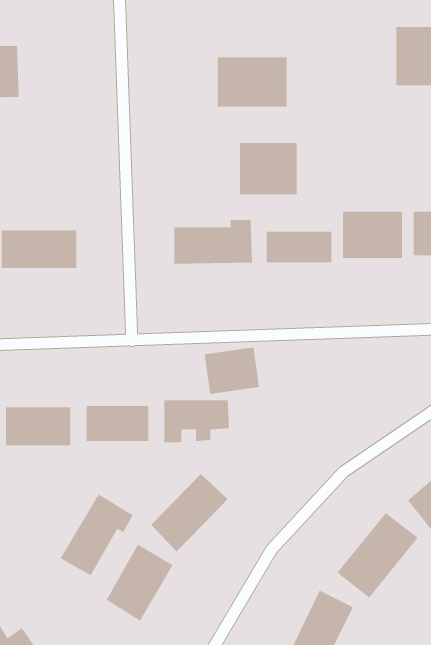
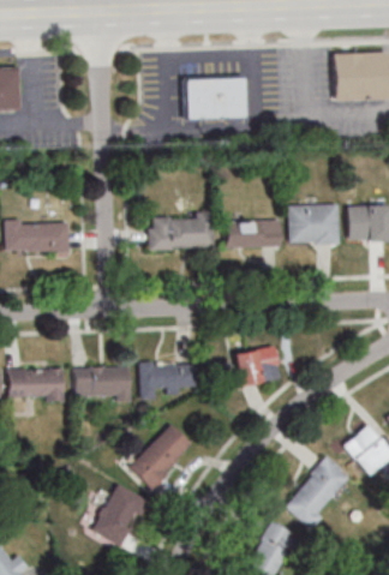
building: [239,142,297,195] -> none
building: [204,347,260,394] -> [235,347,282,387]
building: [60,494,134,576] -> none

